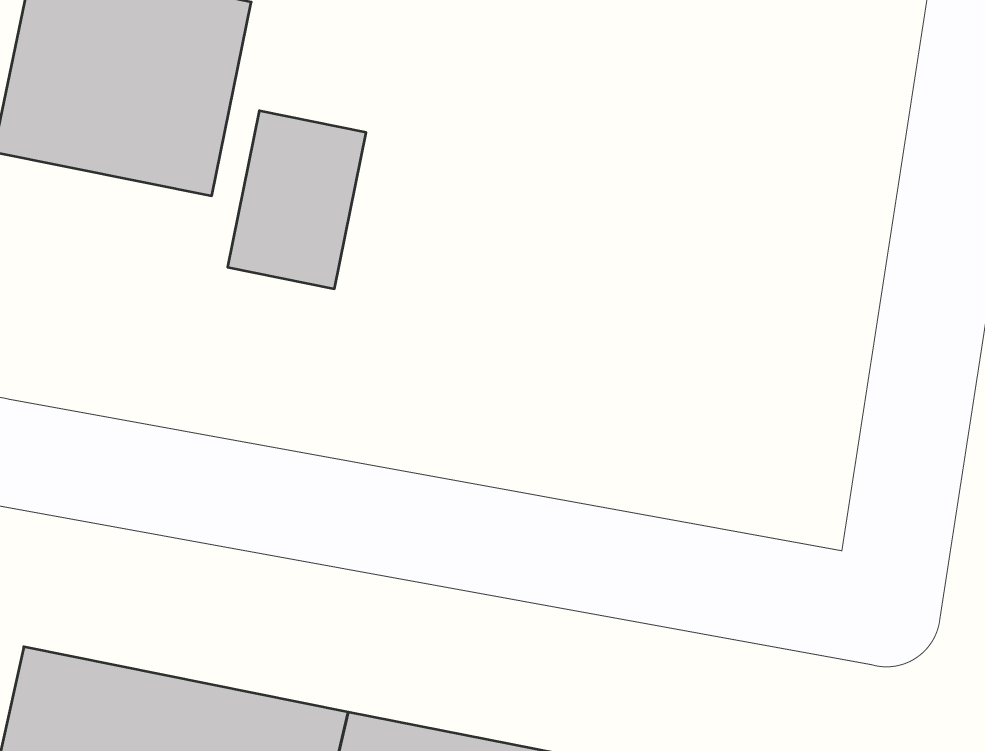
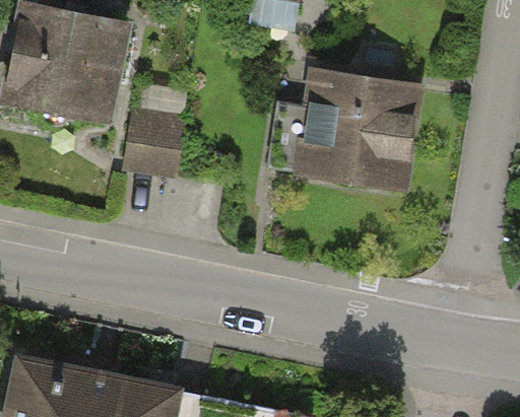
building: none -> [294,69,424,194]

